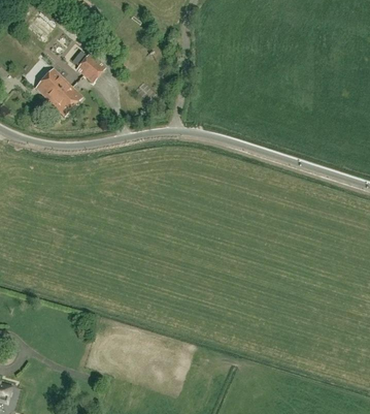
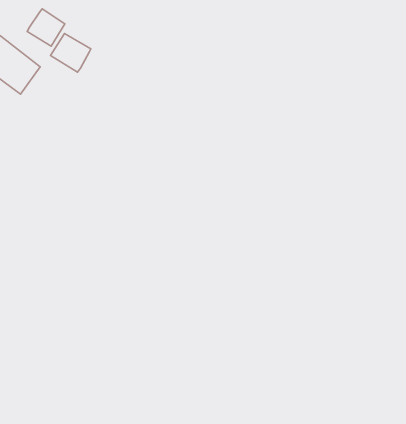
building: none -> [51,33,91,72]

